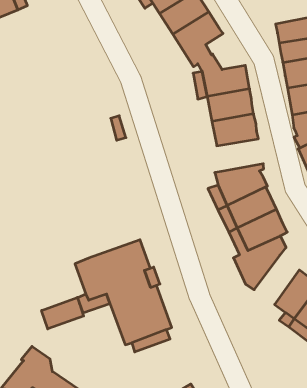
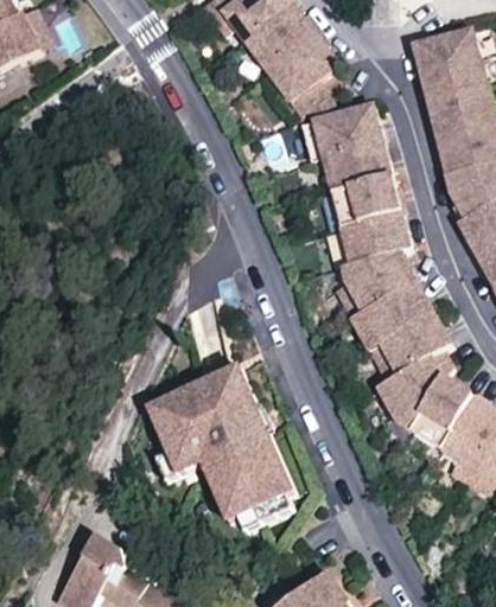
building: none -> [339,209,408,260]
building: none -> [408,375,471,446]
building: [42,297,84,329] -> none

